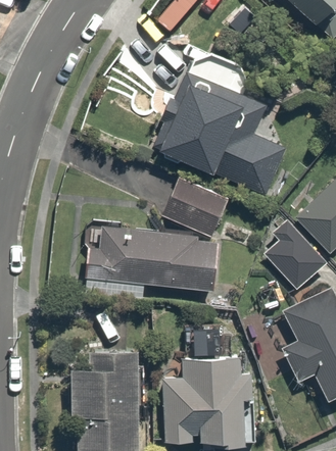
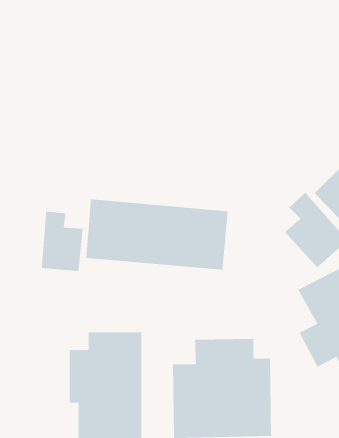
building: [149,69,289,197] -> none
building: [159,178,229,236] -> none
building: none -> [41,211,83,272]

